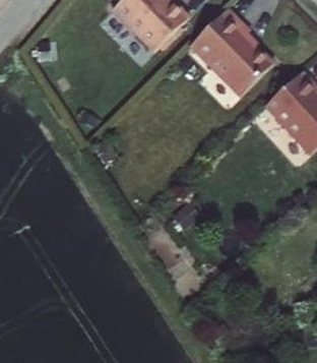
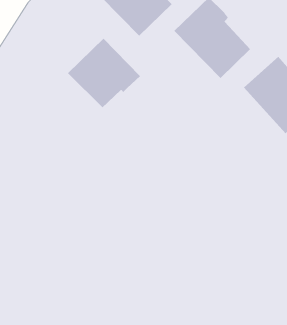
building: none -> [67,38,141,108]

